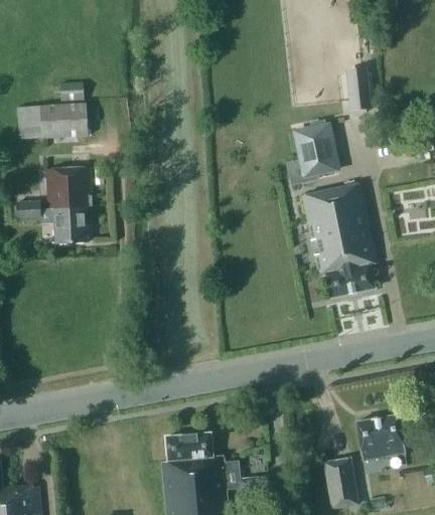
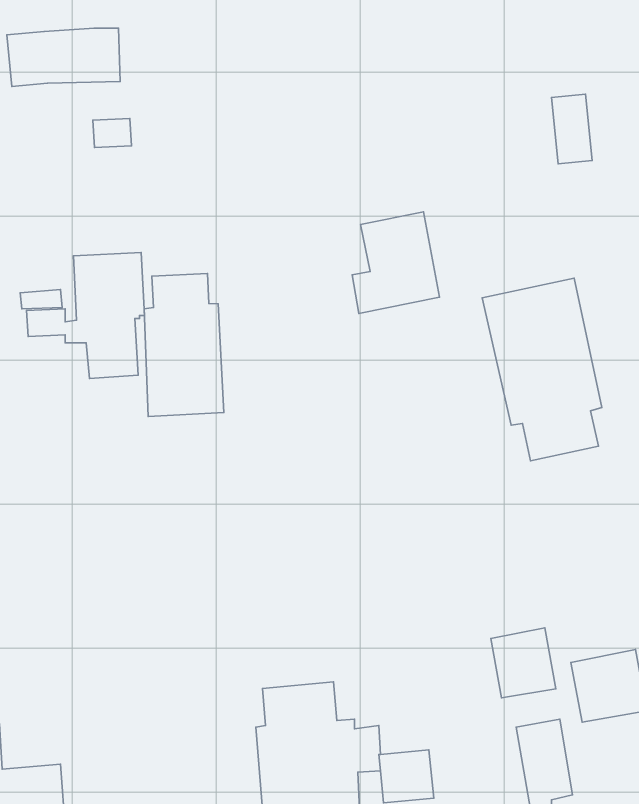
building: [16,104,87,140] -> [7,28,120,86]
building: [290,121,344,184] -> [352,212,440,313]
building: none -> [144,274,224,416]
building: none -> [491,628,556,698]

